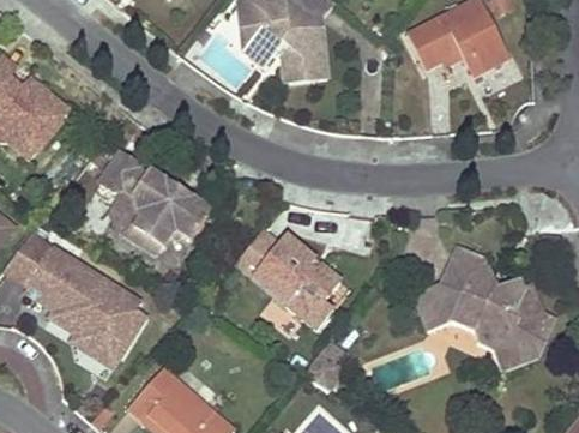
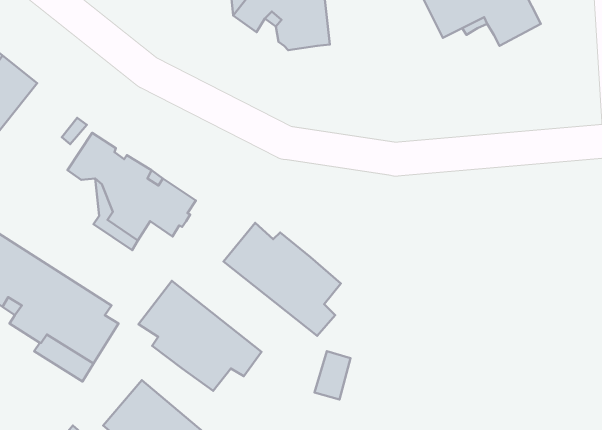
building: [414,247,551,362] -> none
building: none -> [139,281,261,391]

